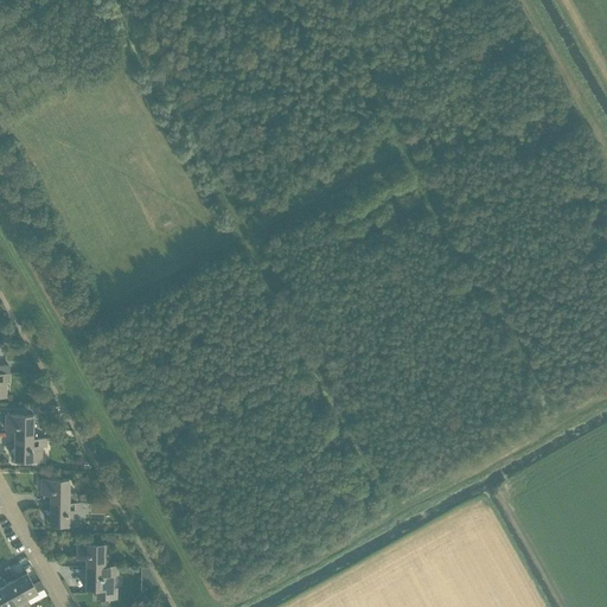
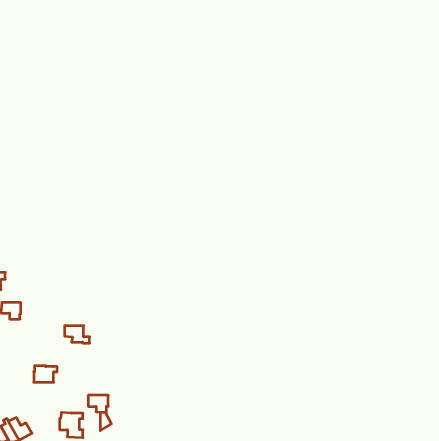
building: [11,439,44,461] -> none
building: [38,480,72,504] -> [65,326,90,343]
building: [74,544,101,568] -> [88,395,108,413]

